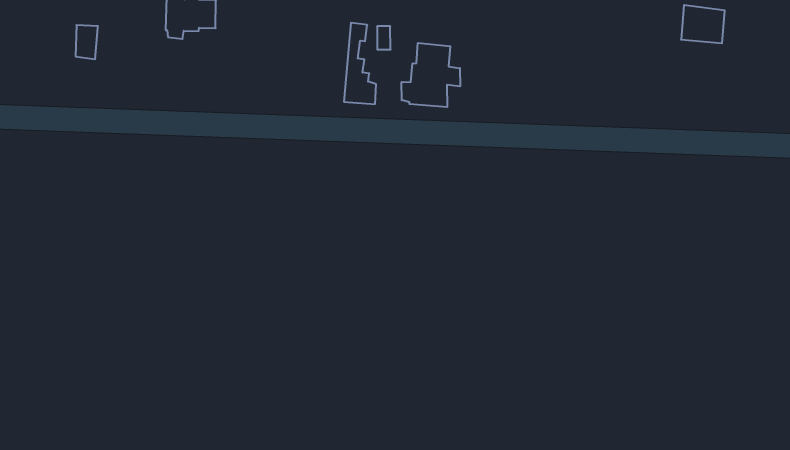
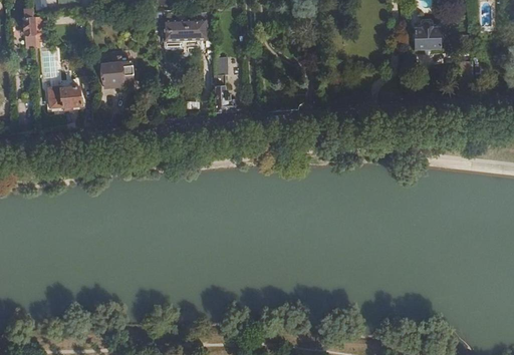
building: none -> [61,86,82,109]
building: [402,43,460,107] -> none

